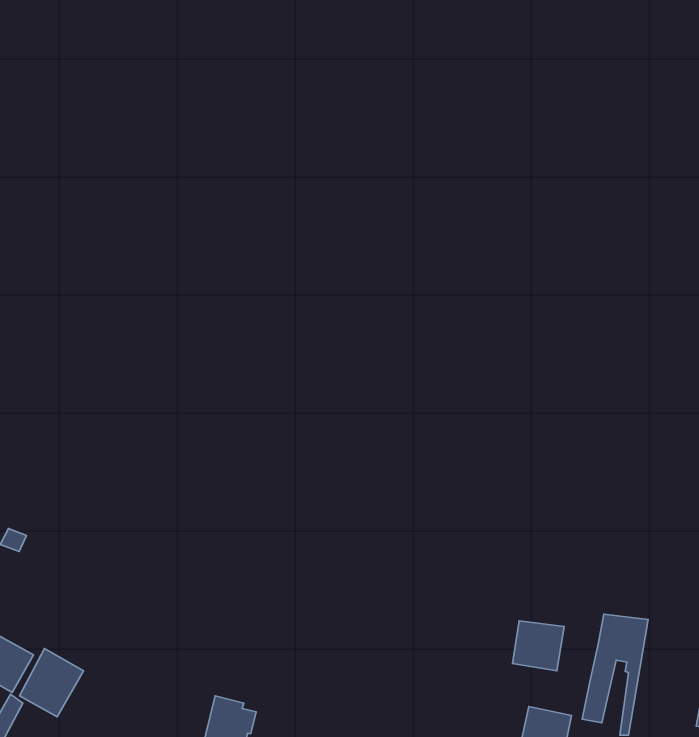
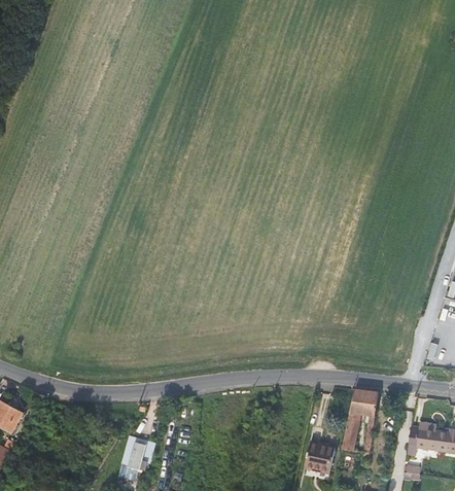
building: [512,621,564,671] -> none
building: [19,648,83,717] -> none

